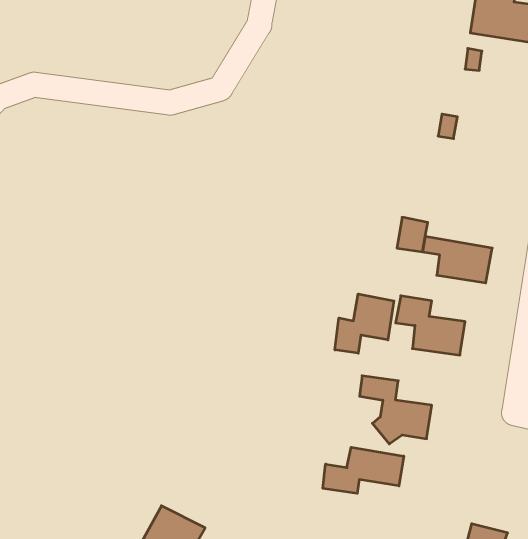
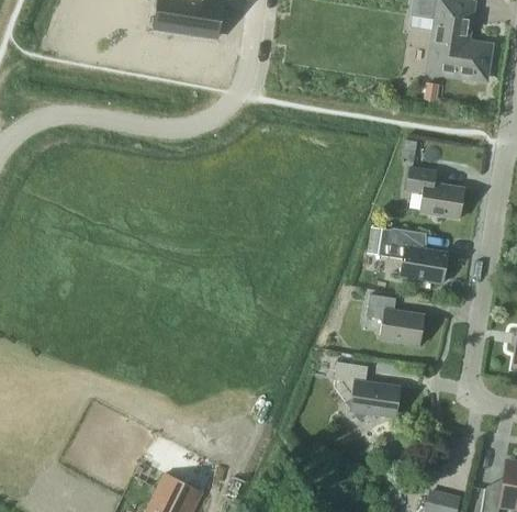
building: none -> [406,167,464,219]
building: [335,294,394,353] -> none
building: [323,447,404,493] -> none

